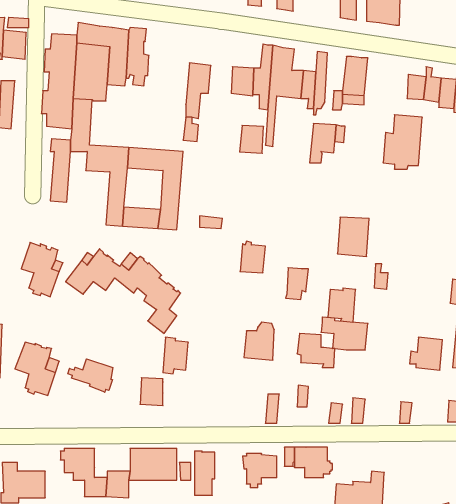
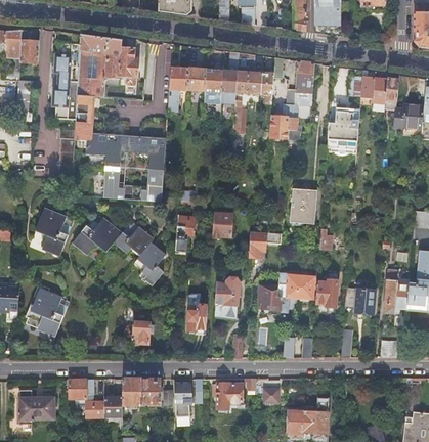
building: [240,125,264,153] -> [186,68,206,90]
building: none -> [175,215,196,250]
building: [328,288,356,322] -> [315,279,338,307]
building: [163,337,188,374] -> [187,301,208,330]
building: [68,359,113,392] -> none

